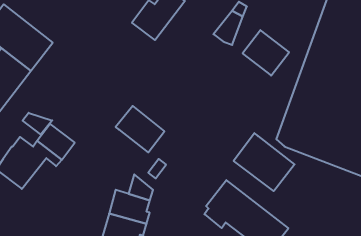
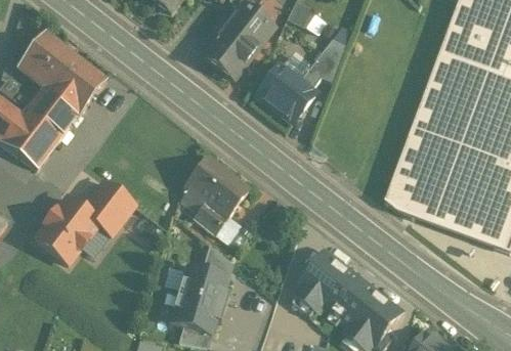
building: [243,30,289,76] -> [256,64,314,122]
building: [23,113,52,135] -> none
building: none -> [181,187,226,230]
building: [234,133,295,191] -> none

